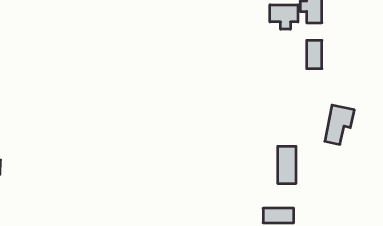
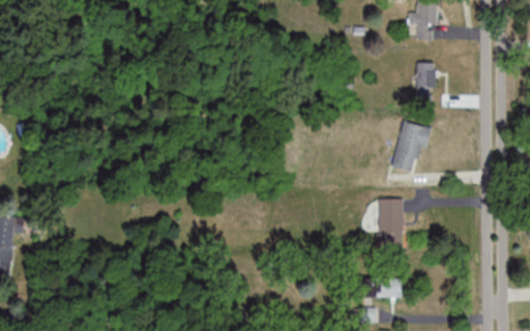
building: [270,5,298,29] -> none
building: [325,105,354,144] -> [392,122,431,173]

